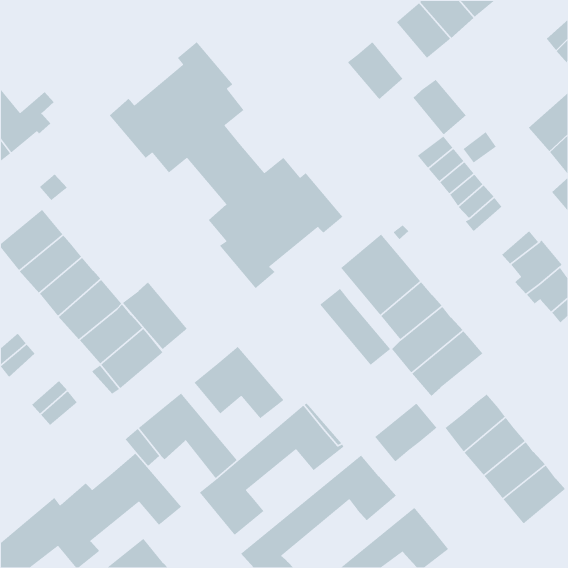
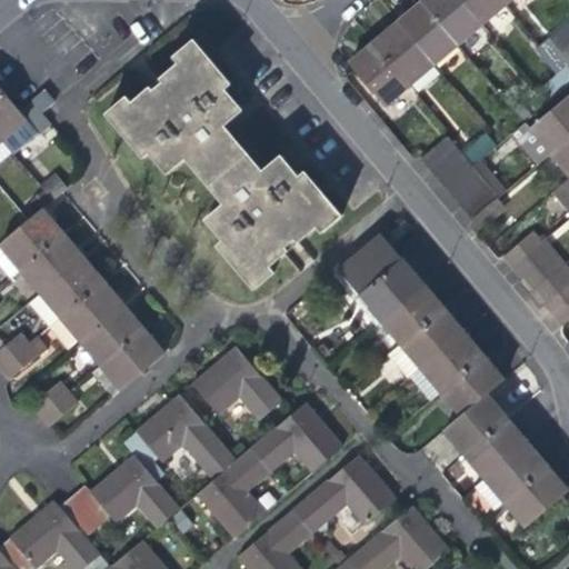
building: [412,79,467,136] -> [372,22,427,79]
building: [122,281,188,350] -> none
building: [319,288,391,366] -> none
building: [374,402,437,462] -> [441,353,505,413]

